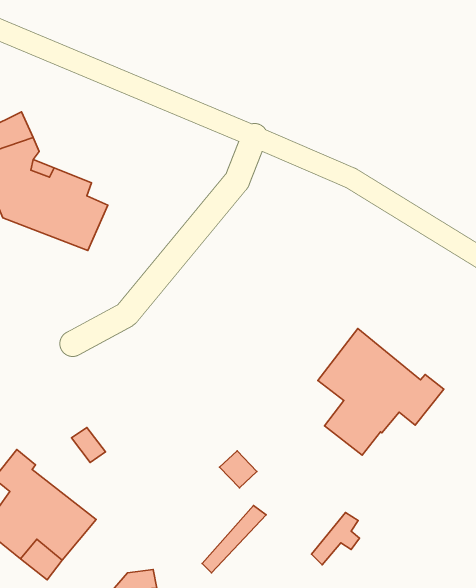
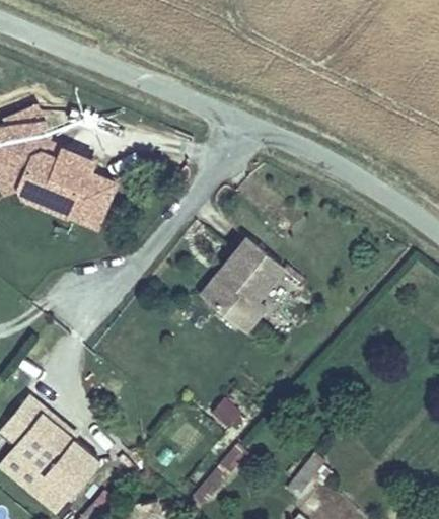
building: none -> [195,235,278,328]
building: [318,329,444,455] -> none

